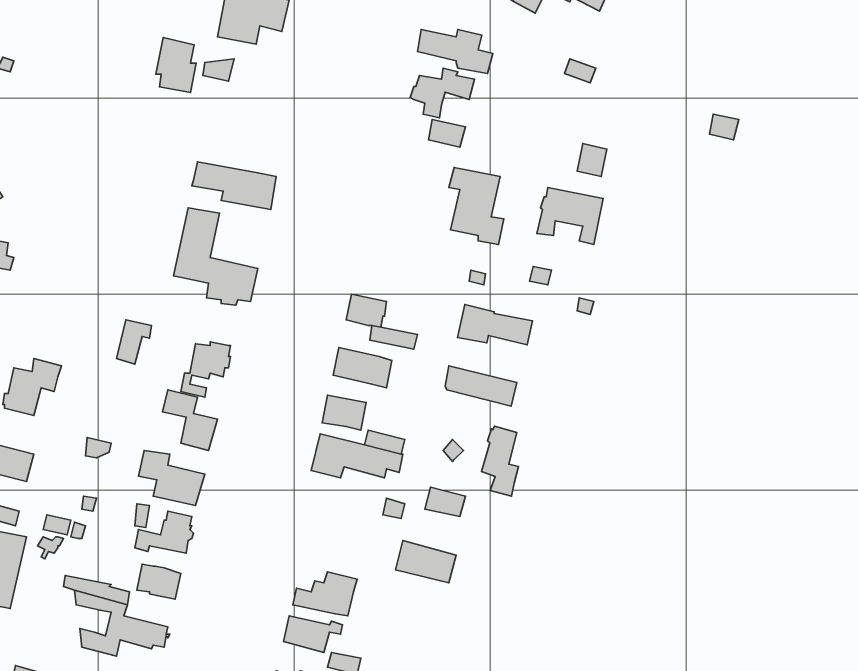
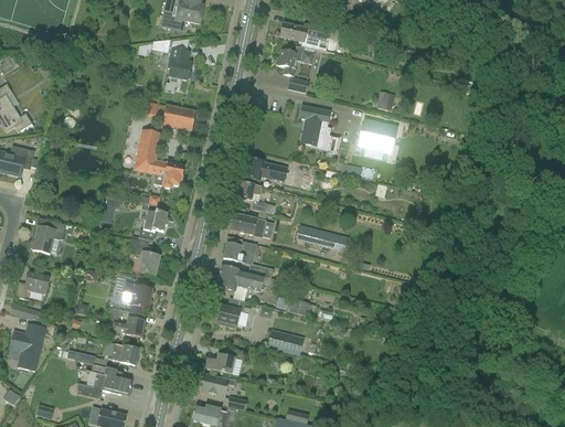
building: [156,37,196,92] -> [167,46,191,79]
building: [457,304,533,345] -> [242,157,287,181]
building: [482,426,519,496] -> none
building: none -> [216,297,245,325]

